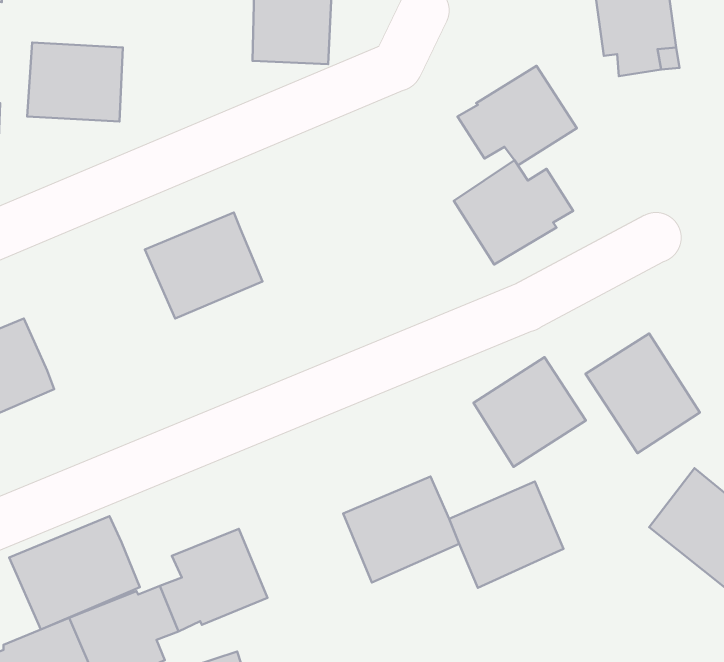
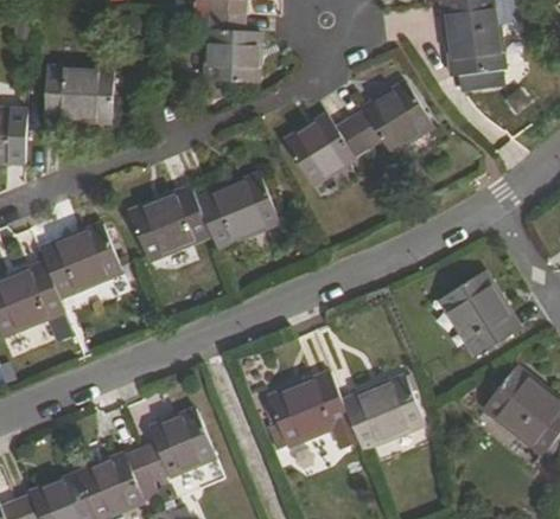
building: [454,160,573,265] -> [284,113,368,186]
building: none -> [196,172,280,248]
building: none -> [39,223,122,297]
building: [473,357,586,467] -> none
building: [9,516,140,630] -> none

